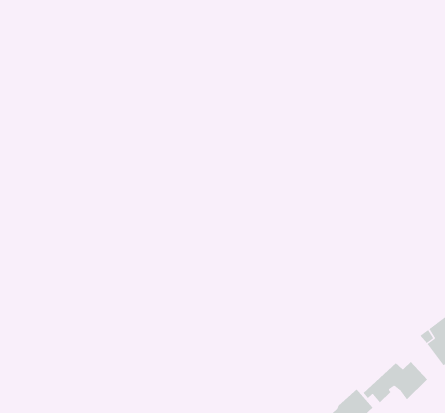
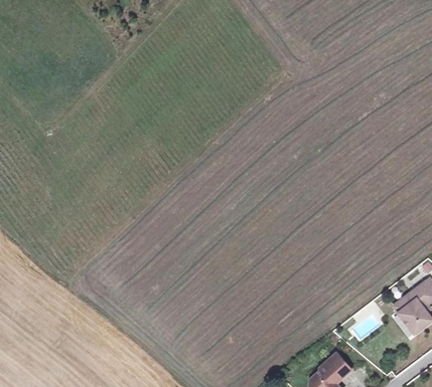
building: [363,361,428,403] -> none

